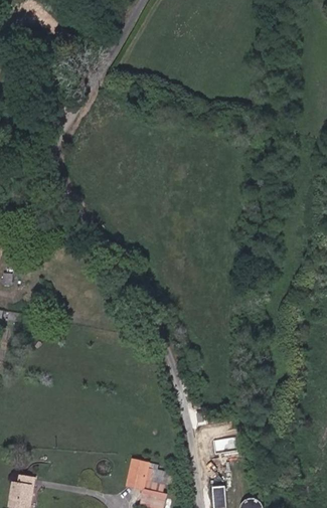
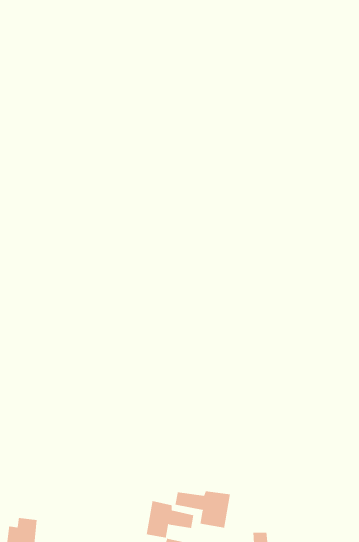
building: none -> [175,490,231,529]

